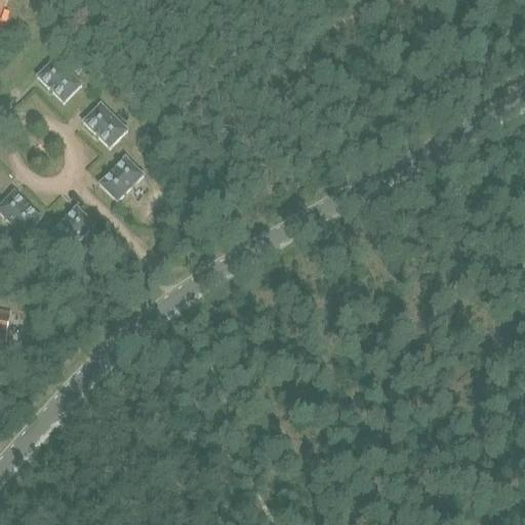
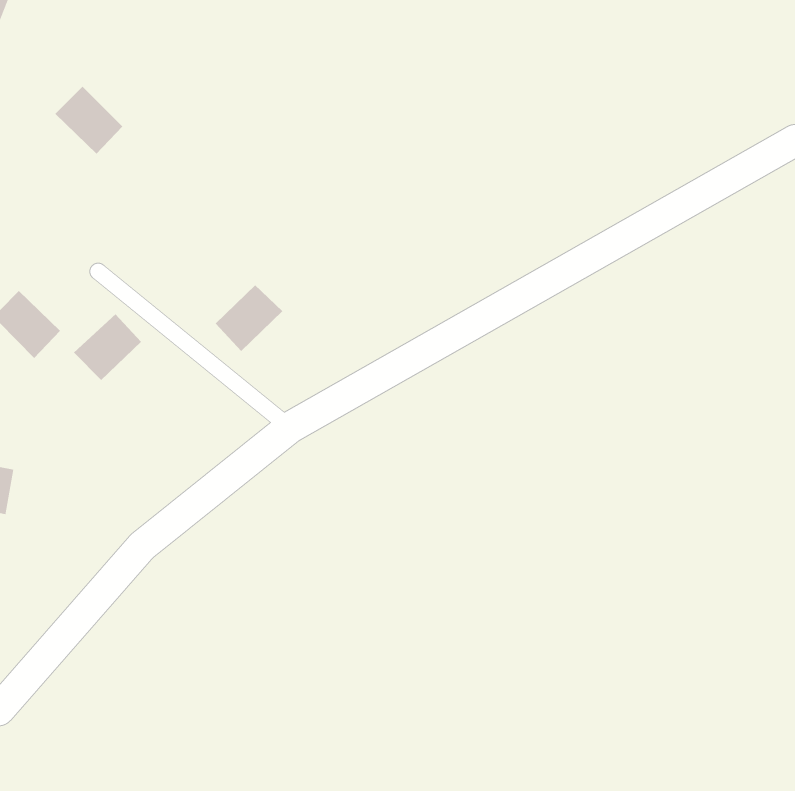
building: [82,103,126,148] -> none
building: [103,152,148,196] -> [215,285,283,352]

